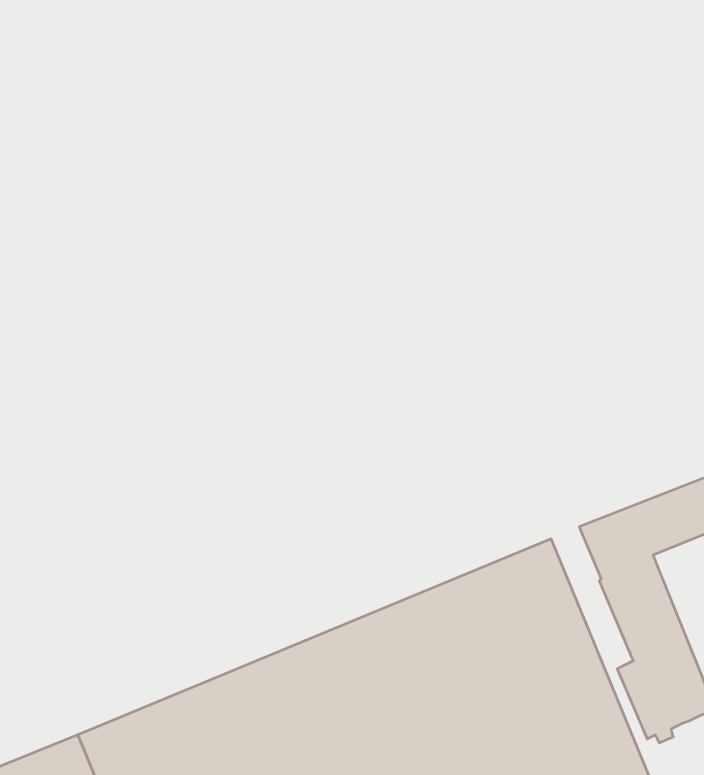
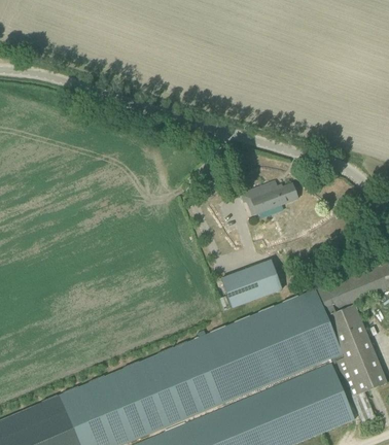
building: none -> [241,179,298,213]
building: none -> [221,259,281,307]

